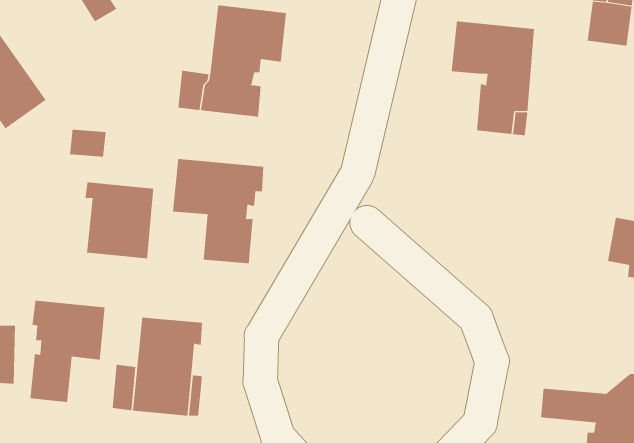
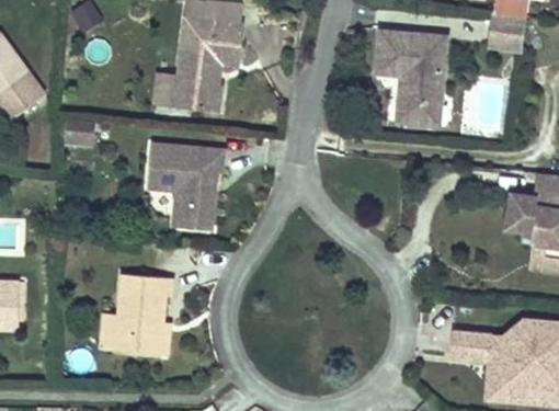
building: [85,182,154,259] -> none
building: [30,300,105,403] -> none

